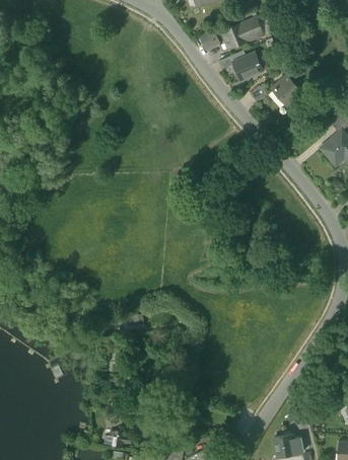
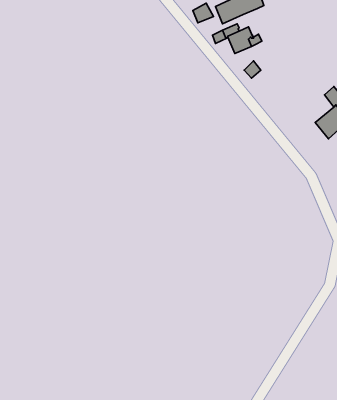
building: [272,76,303,105] -> none

